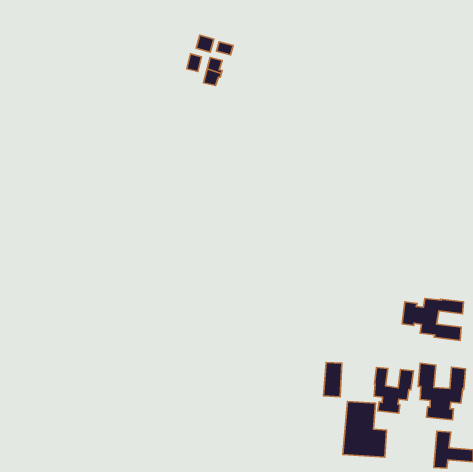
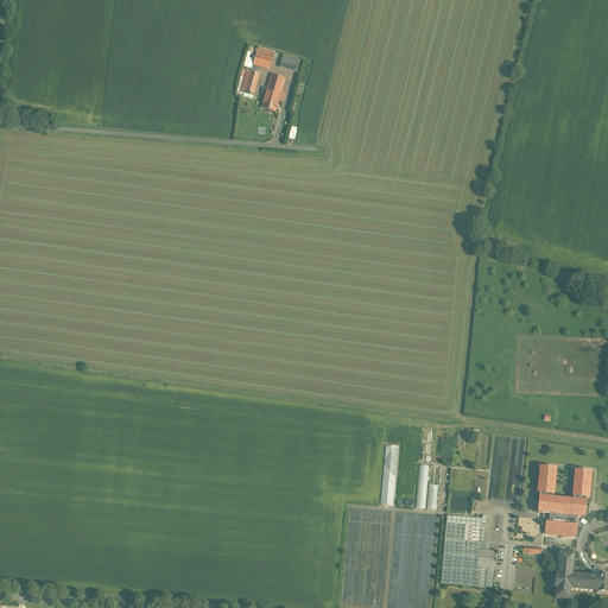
building: [402,299,463,341] -> none
building: [374,367,413,413] -> none

